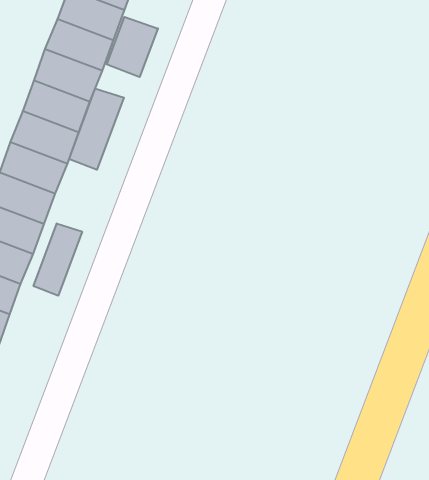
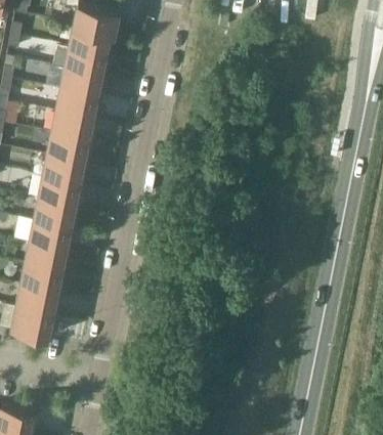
building: [107,17,158,77] -> none
building: [69,89,124,170] -> none
building: [34,223,82,296] -> none

